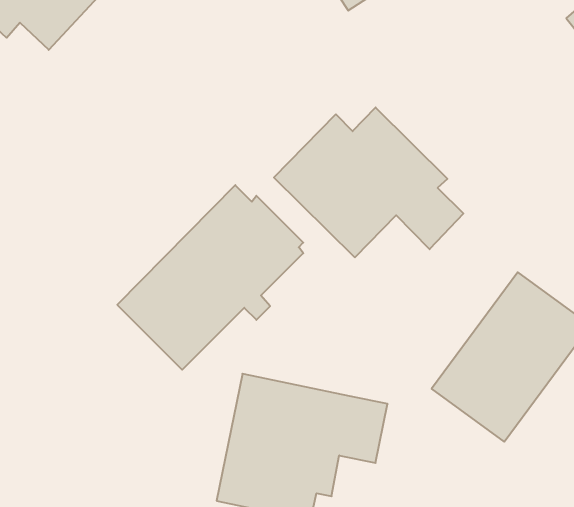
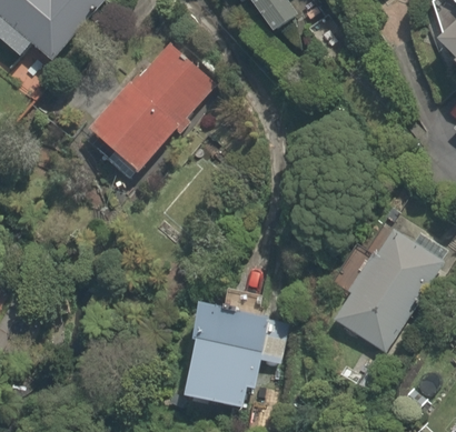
building: [274,107,463,257] -> none
building: [117,185,303,370] -> [83,37,220,172]

